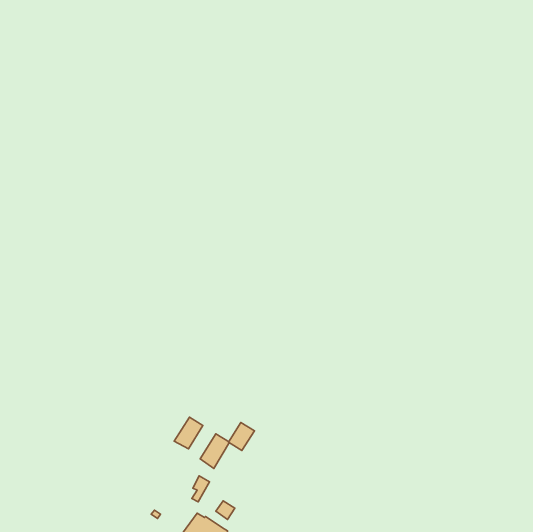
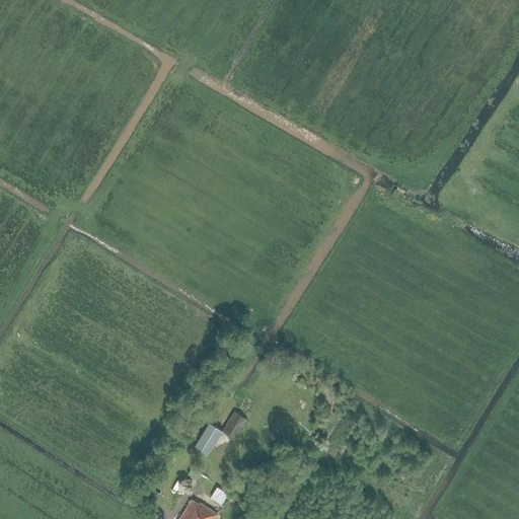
building: [174,417,203,449] -> none

